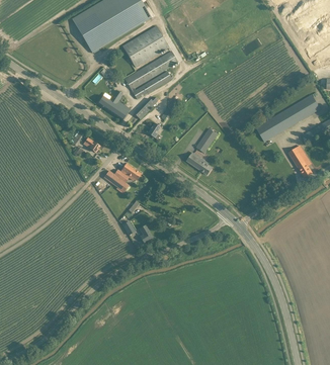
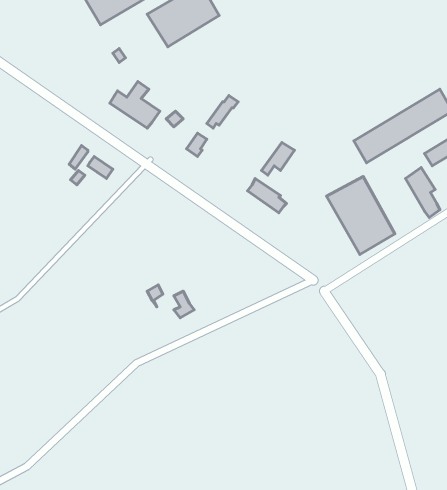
building: [123,51,177,99] -> none
building: none -> [327,176,395,254]
building: [103,163,141,192] -> none

